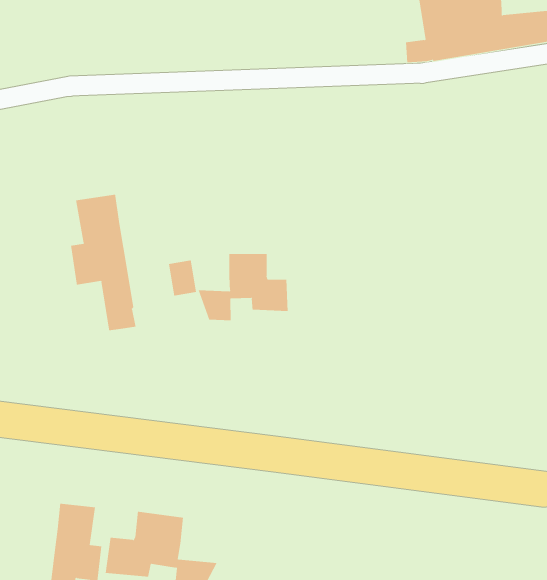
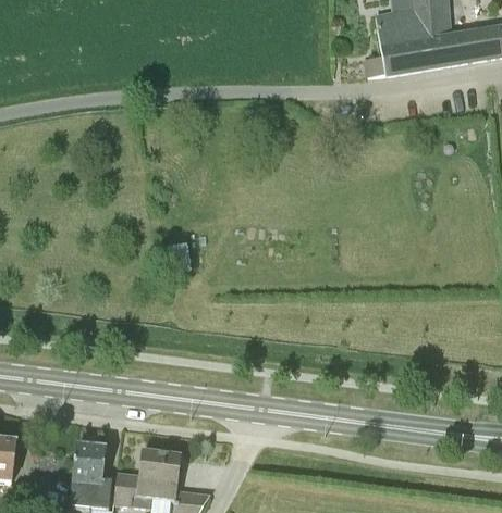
building: [70,194,136,331] -> none
building: [198,253,288,321] -> none

